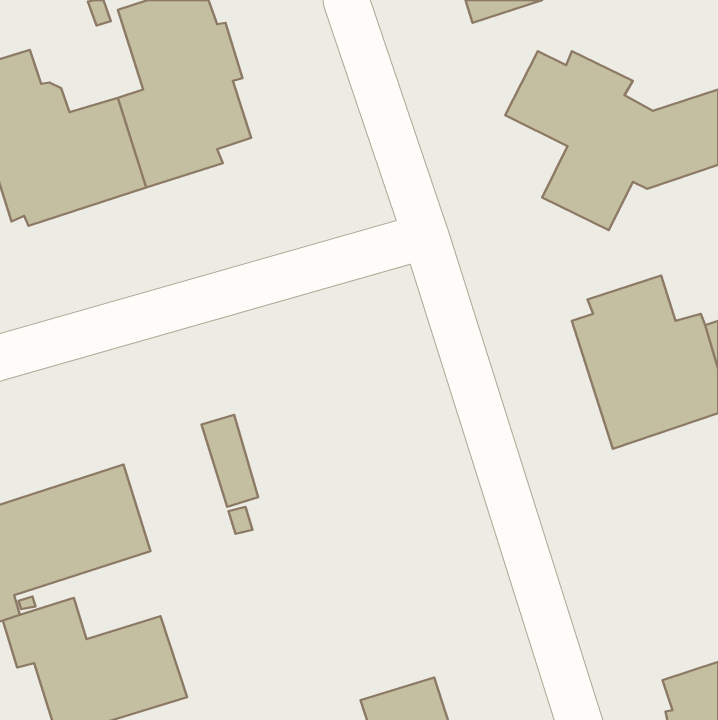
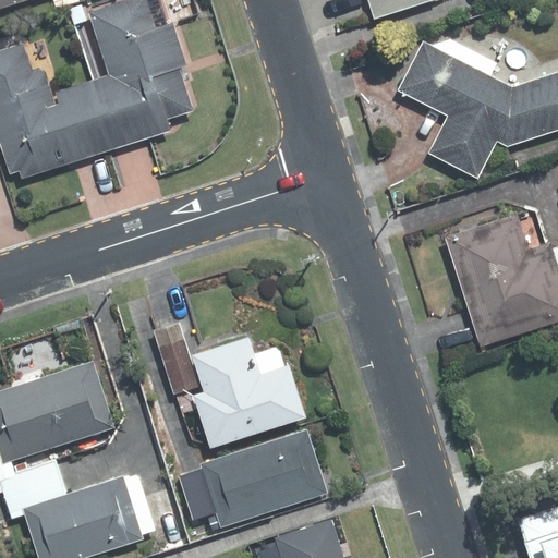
building: none -> [195,336,310,446]
building: none -> [181,428,328,527]

